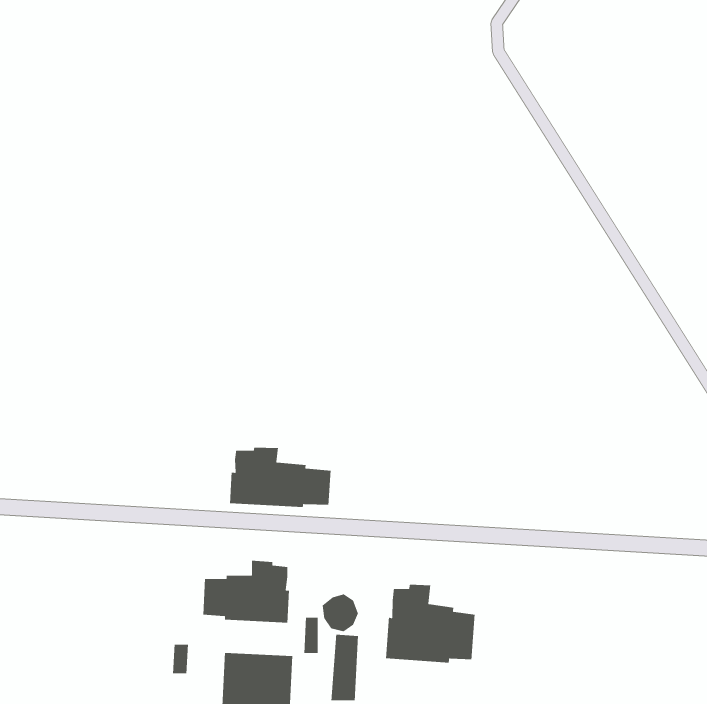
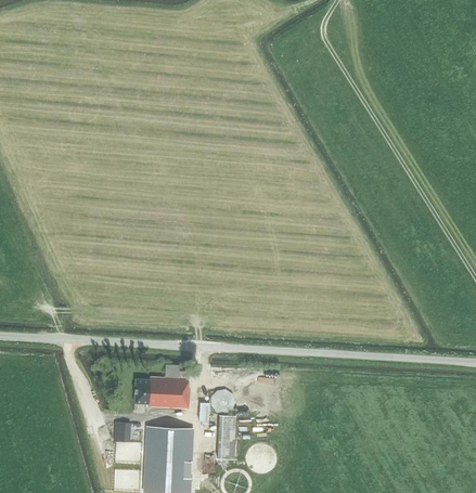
building: [229,447,331,508] -> none
building: [385,584,476,663] -> none

